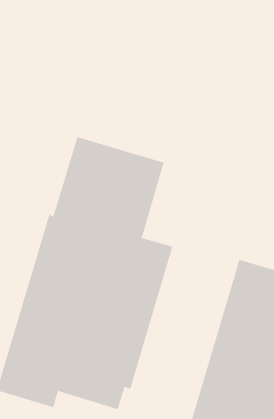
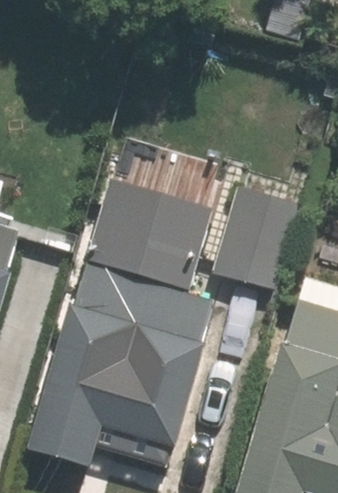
building: none -> [209,177,300,296]

